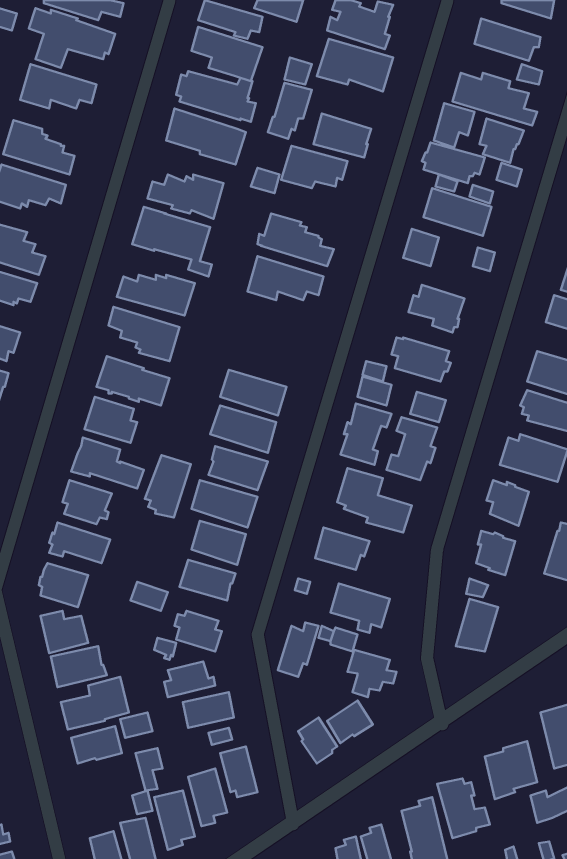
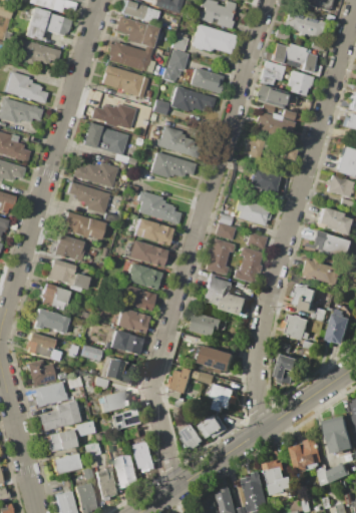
building: none -> [137,190,182,223]
building: [145,455,191,517] -> none
building: none -> [53,453,81,474]

